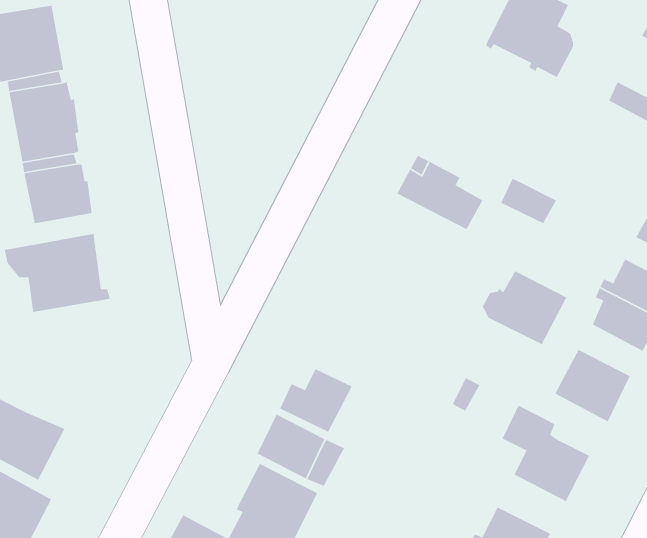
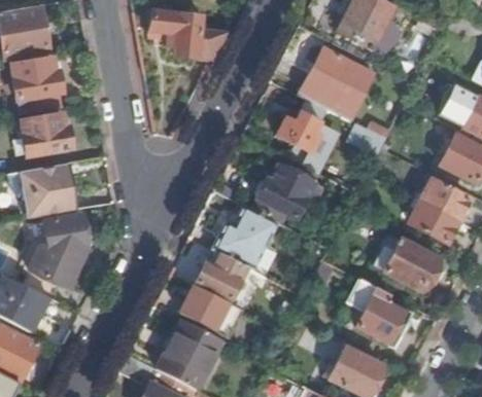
building: none -> [151,9,228,58]
building: none -> [300,47,375,120]
building: [482,270,568,345] -> [255,166,314,217]
building: none -> [212,205,278,269]
building: none -> [24,213,88,298]

